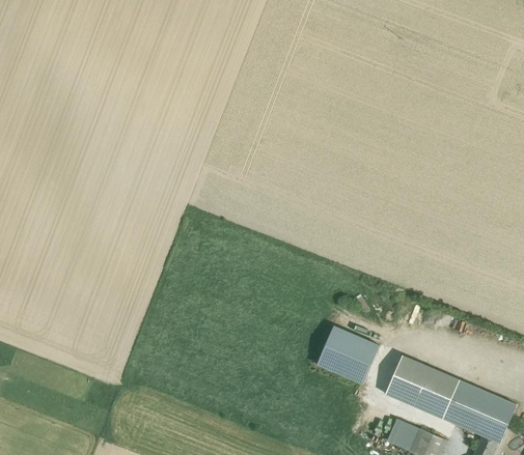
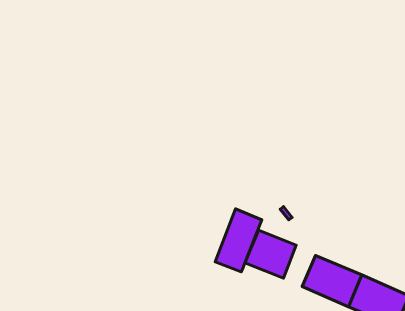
building: none -> [215,209,262,272]

